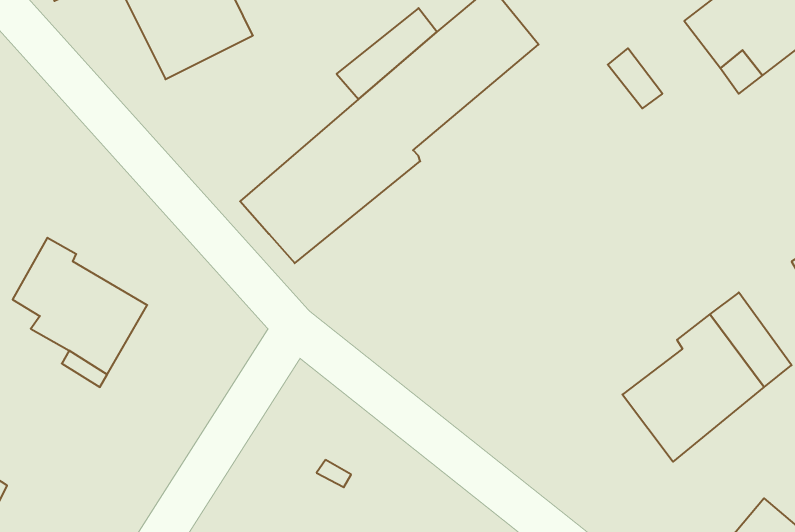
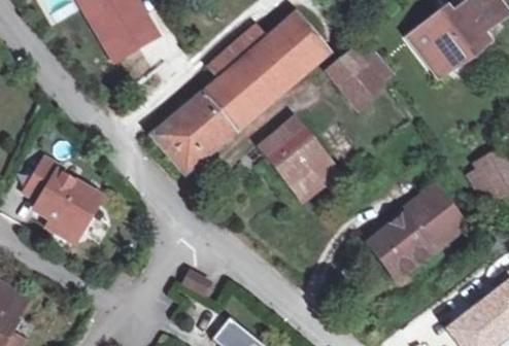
building: none -> [329,49,382,106]
building: none -> [261,116,338,200]

